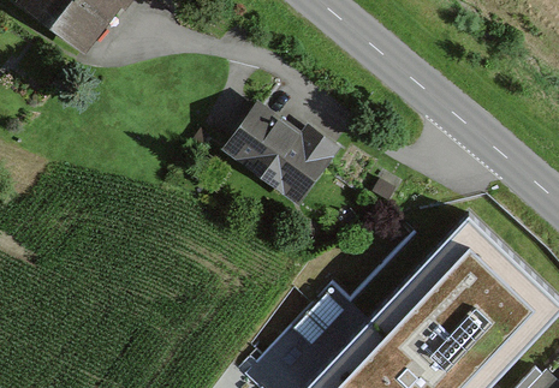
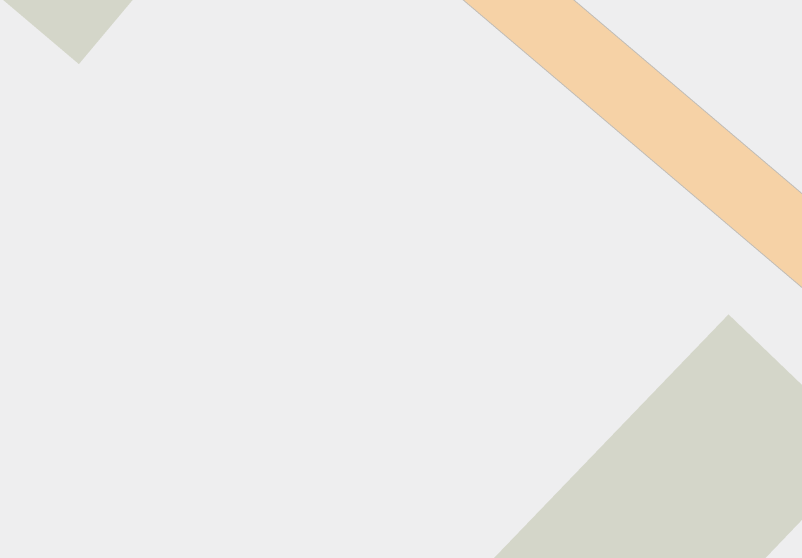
building: [212,97,333,208] -> none

